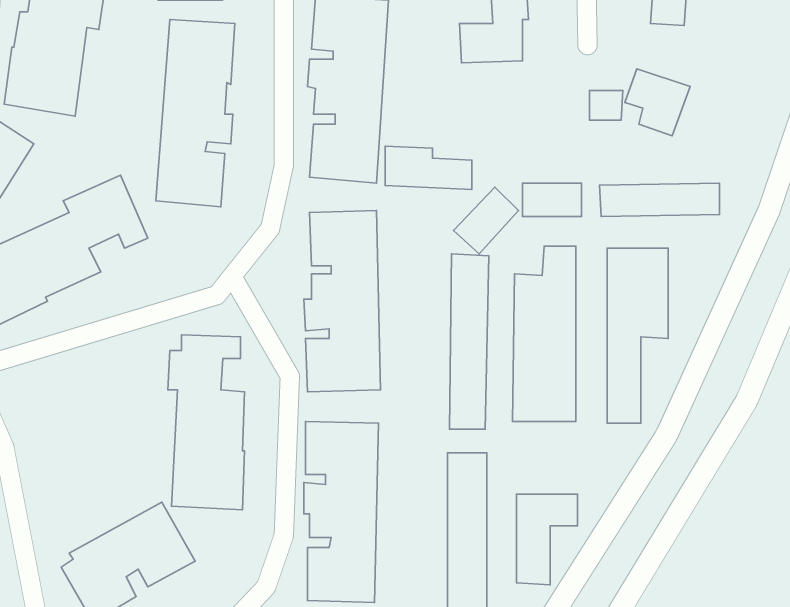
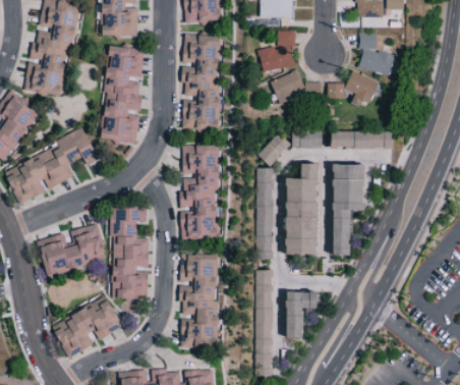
building: none -> [358,47,395,75]
building: [385,146,472,190] -> [276,75,321,98]
building: none -> [39,223,107,276]

